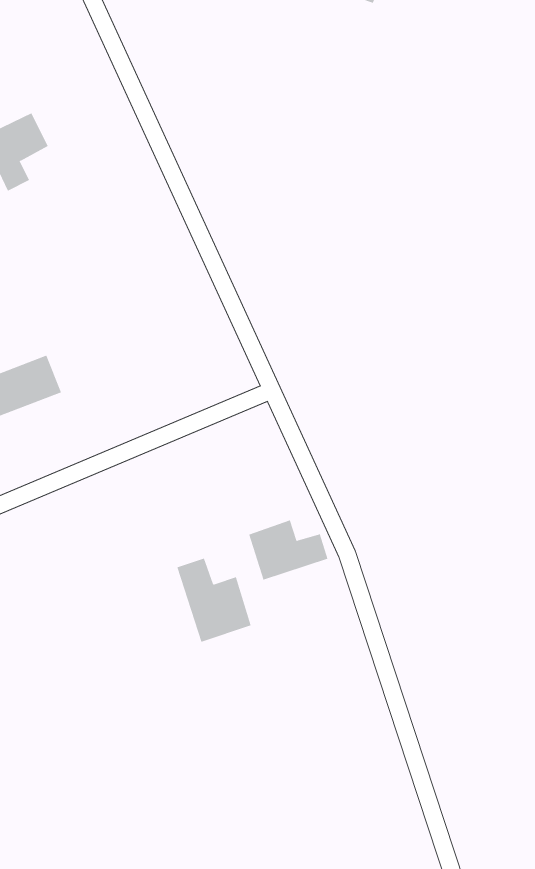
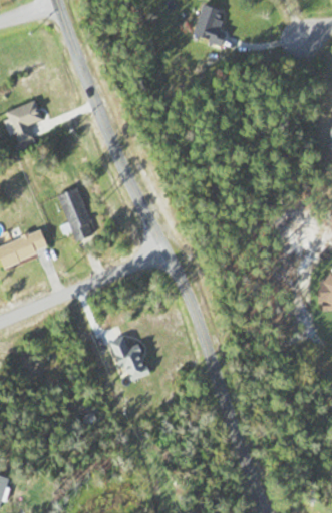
building: none -> [58,188,96,241]
building: [248,520,328,580] -> none

